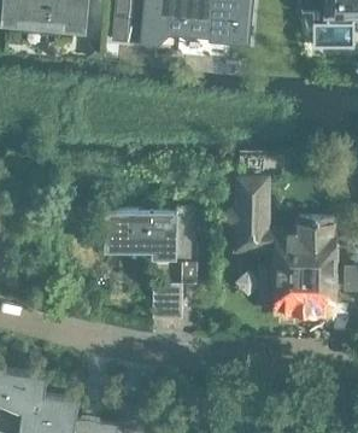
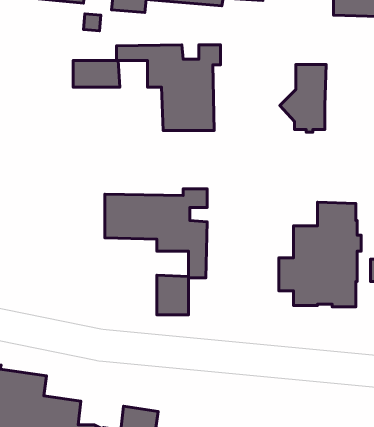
building: none -> [73,45,220,130]
building: [223,181,265,242] -> [280,64,326,132]

